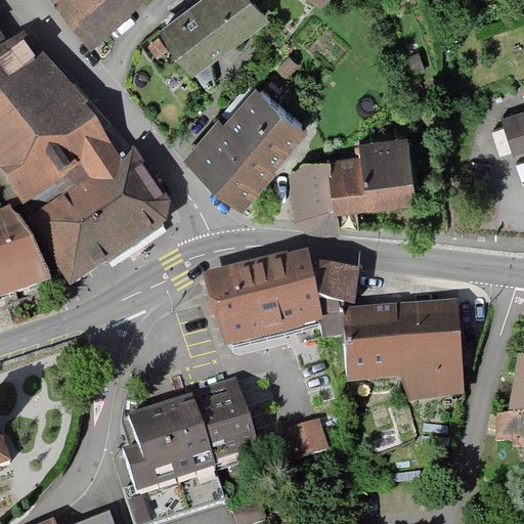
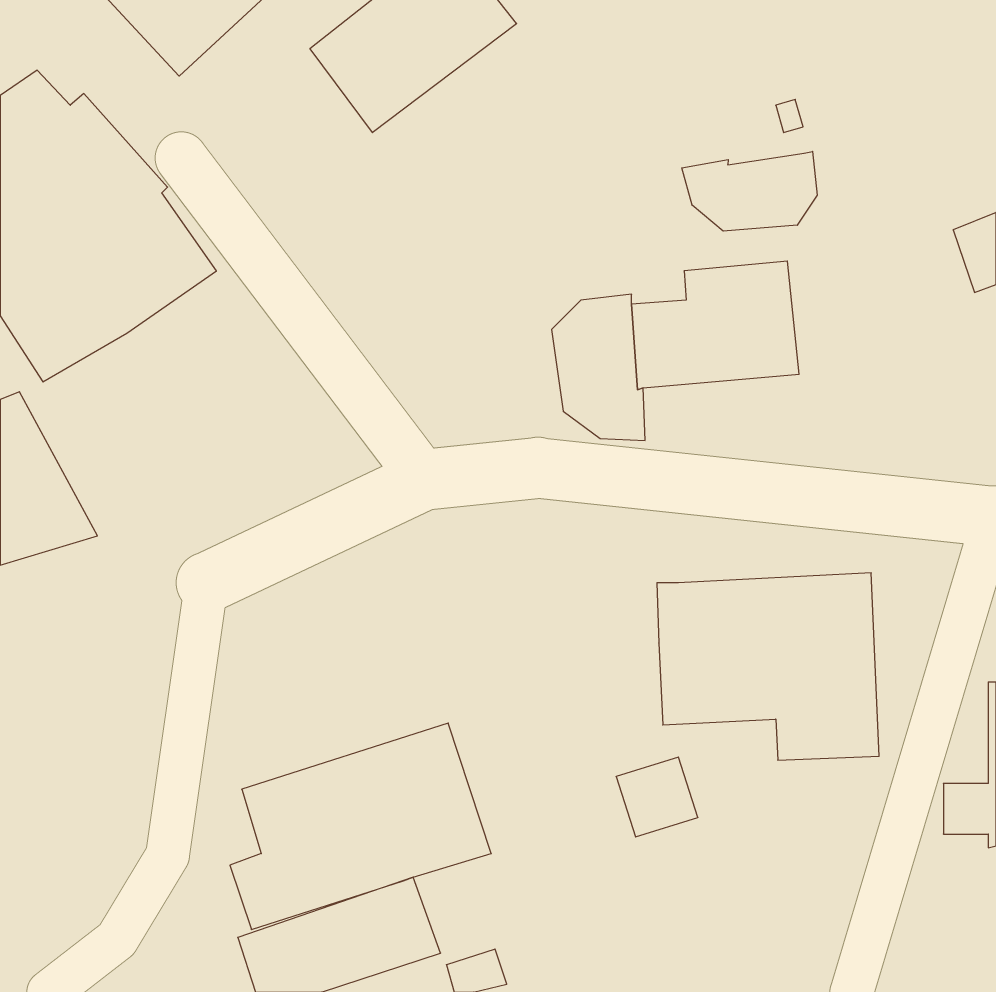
building: none -> [682,151,817,231]
building: [191,82,308,202] -> none
building: [26,142,170,288] -> none
building: [207,260,356,347] -> none
building: [283,418,326,460] -> [616,757,698,837]

